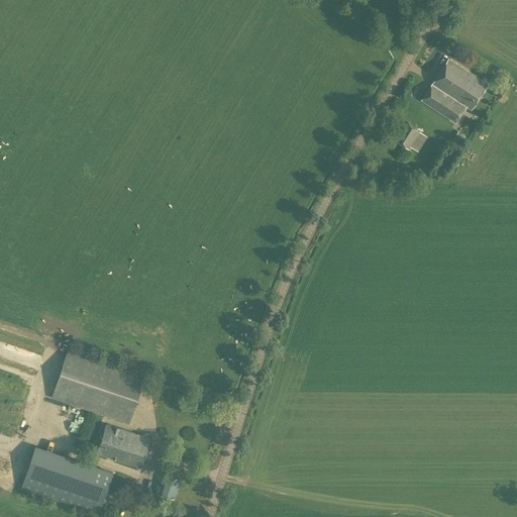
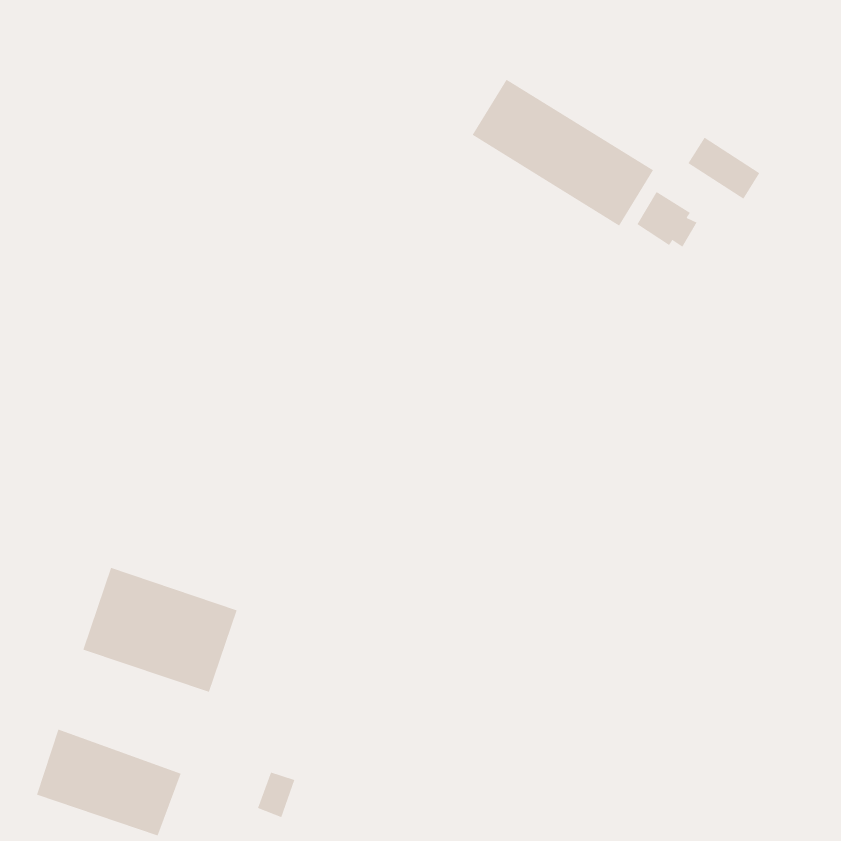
building: none -> [472,79,654,226]
building: [432,60,488,111] -> none
building: [97,425,151,470] -> none

